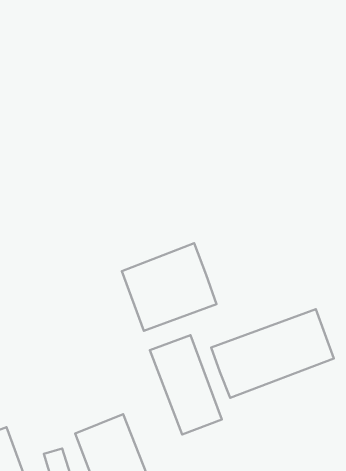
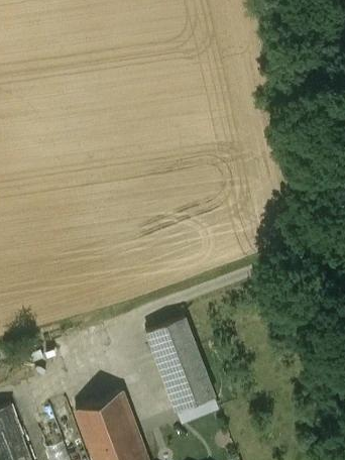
building: [122,243,217,331] -> none
building: [211,309,334,398] -> none

